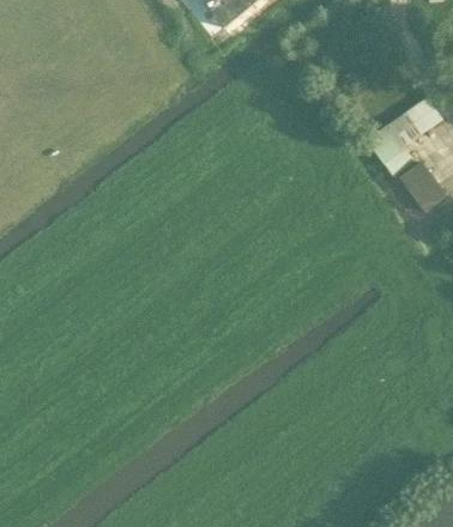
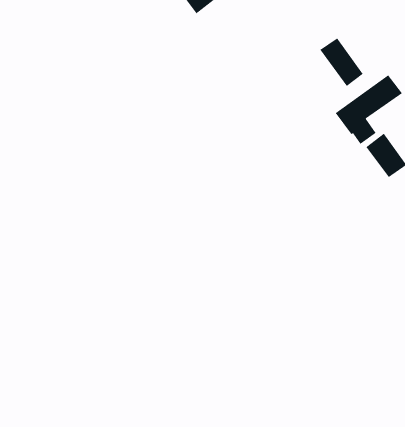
building: none -> [319,38,363,87]

